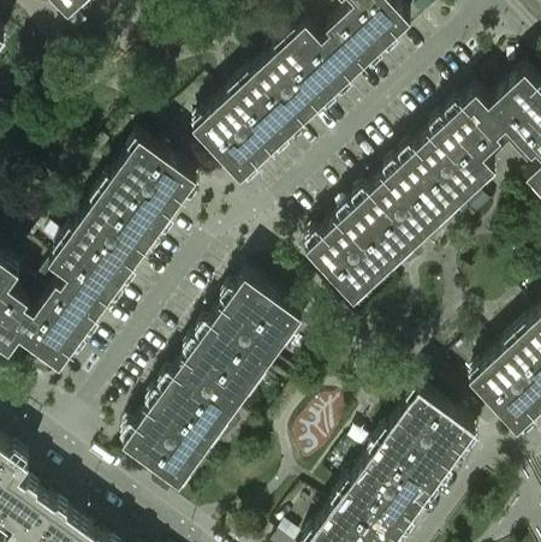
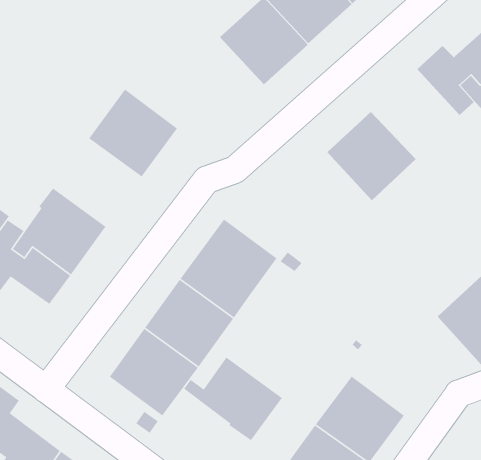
building: [192,87,286,181] -> none
building: [399,120,494,215] -> none
building: [64,193,157,286] -> none
building: [304,208,400,303] -> none
building: [379,391,474,486] -> none
building: none -> [183,356,283,441]

